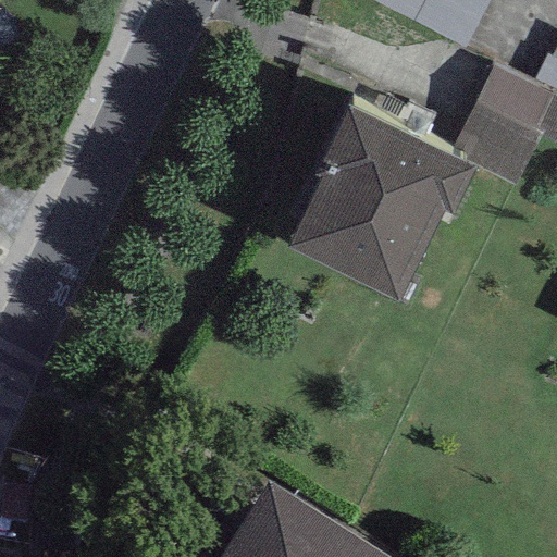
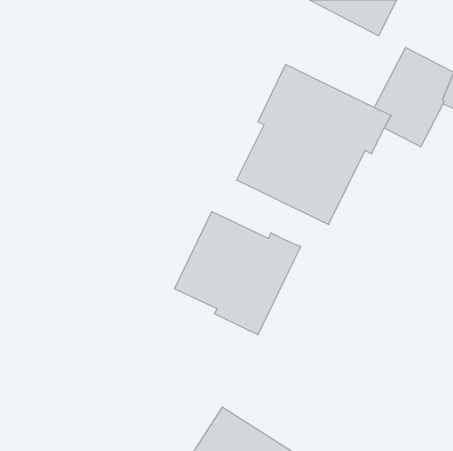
building: none -> [174,211,301,335]

